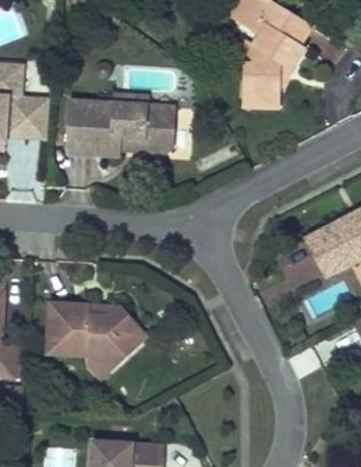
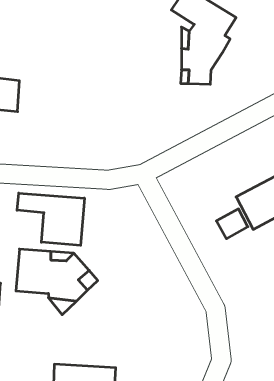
building: [66,93,175,157] -> none
building: none -> [17,193,84,245]

